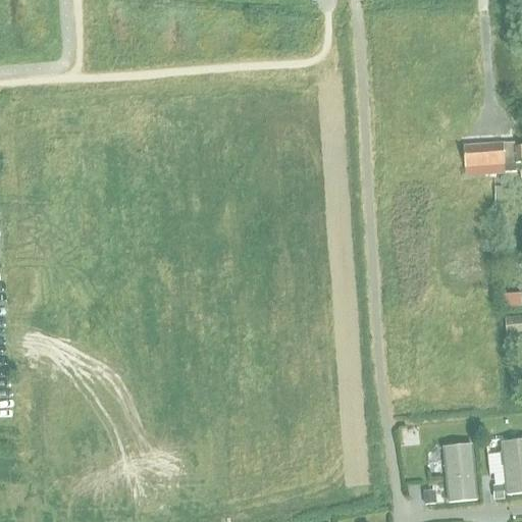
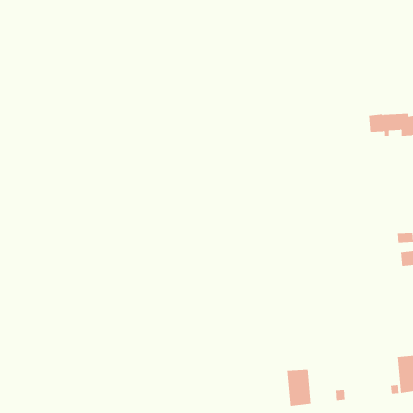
building: [445,454,476,501] -> [287,369,312,406]

